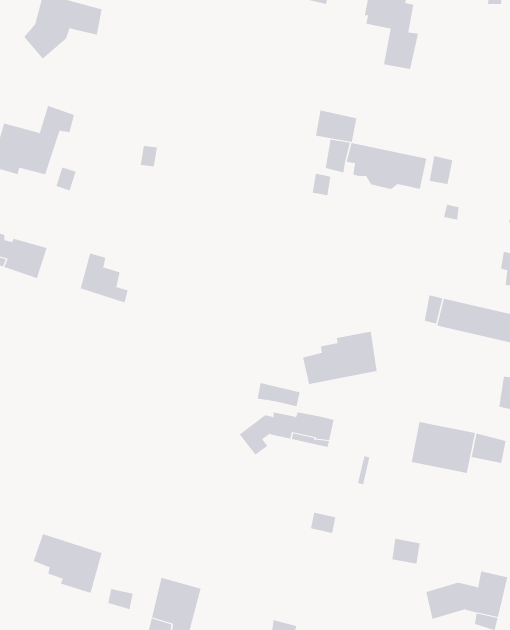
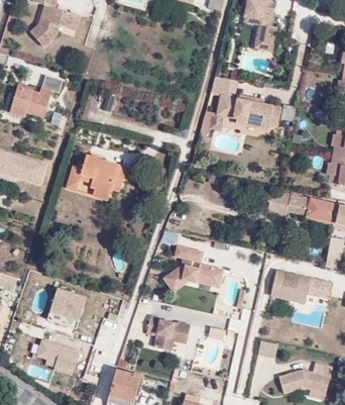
building: none -> [81,155,127,199]
building: [303,331,377,385] -> none
building: none -> [47,288,87,330]
building: none -> [147,316,191,352]

